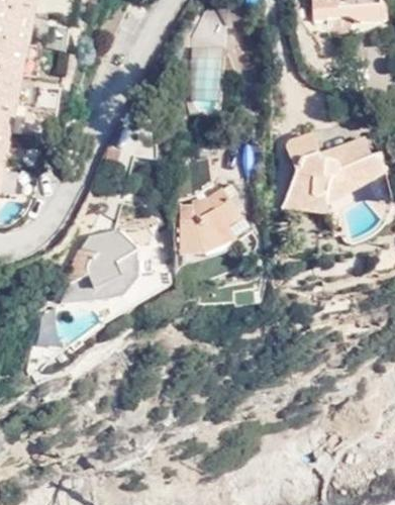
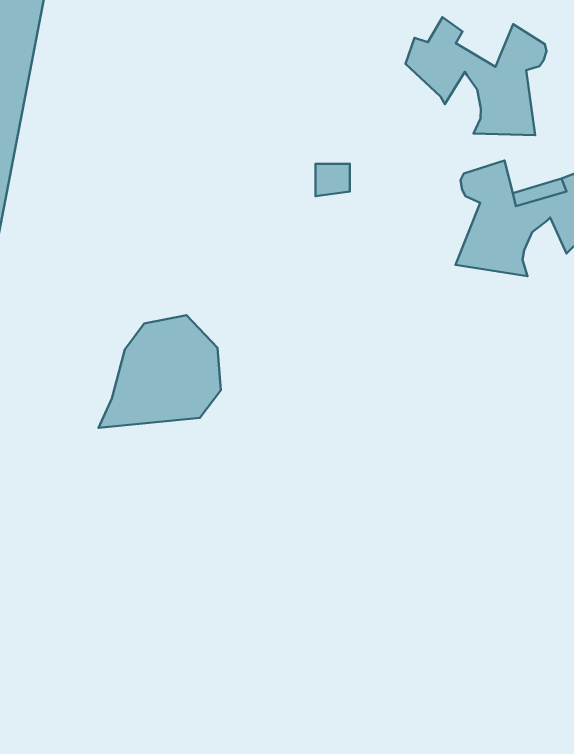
building: none -> [405,17,546,135]
building: [180,189,238,250] -> none

